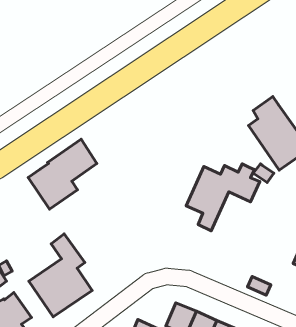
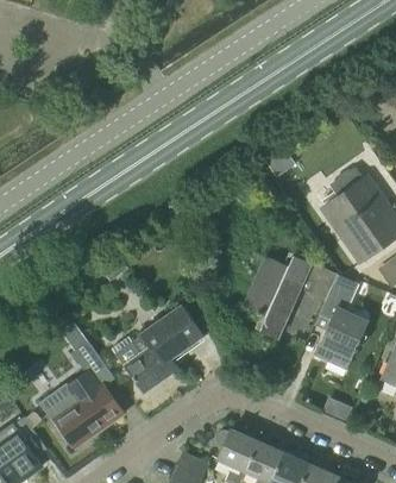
building: [28,139,97,209] -> [114,303,202,393]
building: none -> [315,275,369,369]

